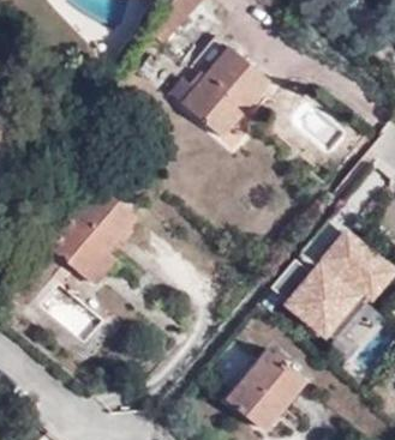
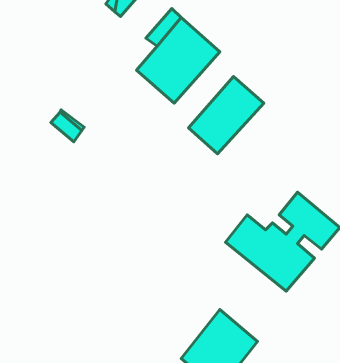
building: none -> [188,76,264,154]
building: [46,180,136,281] -> none

